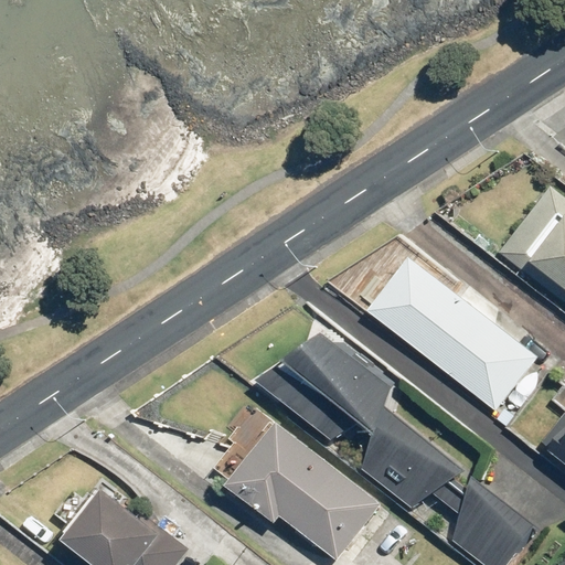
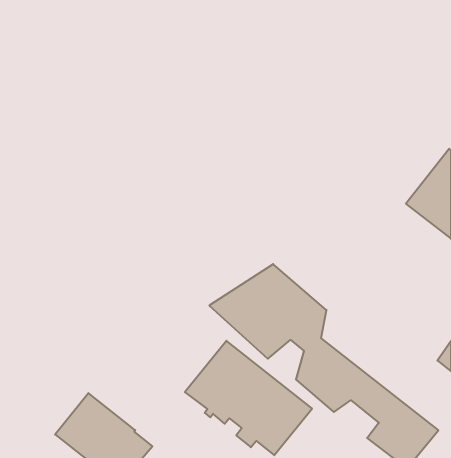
building: [365,256,535,412] -> none

